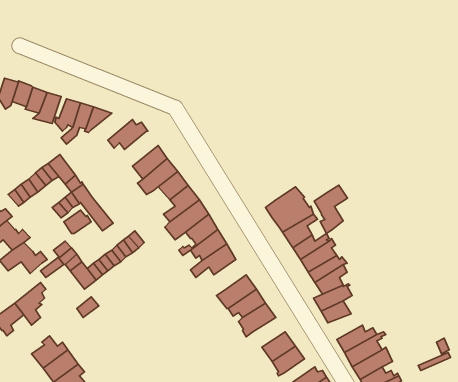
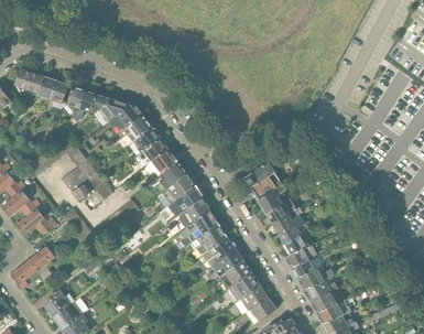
building: none -> [95,99,130,126]
building: none -> [117,115,152,149]
building: [314,185,348,233] -> none
building: none -> [191,224,227,250]
building: none -> [296,268,335,292]
building: none -> [227,273,260,306]

